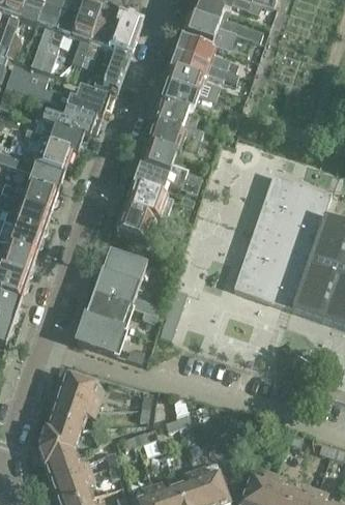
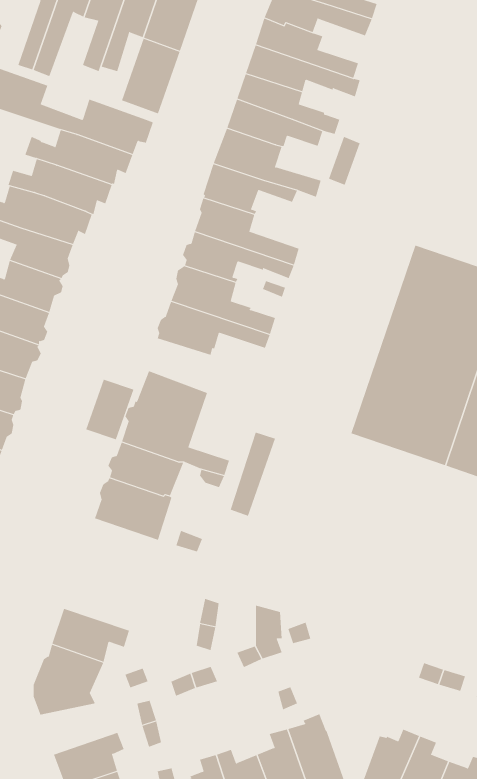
building: none -> [85,379,134,440]
building: [57,374,100,409] -> none
building: [42,453,90,484] -> none

